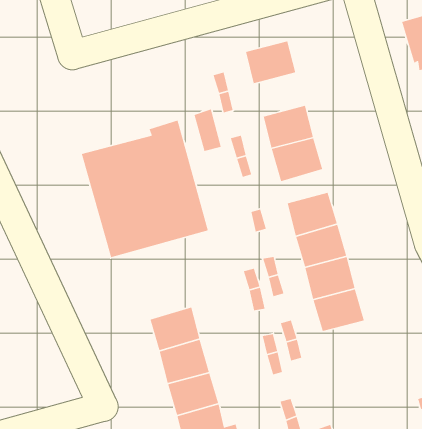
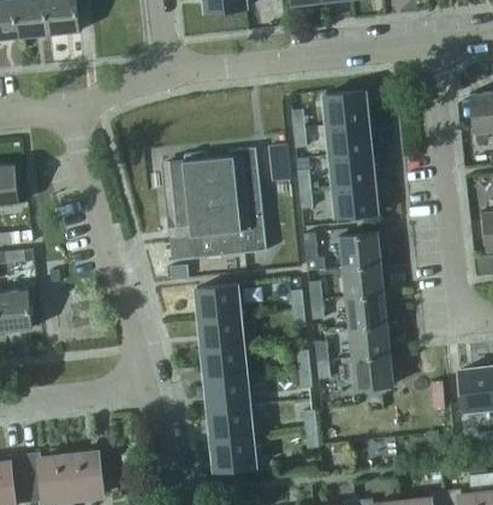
building: none -> [327,124,370,158]
building: none -> [196,285,239,321]
building: none -> [351,355,393,390]

